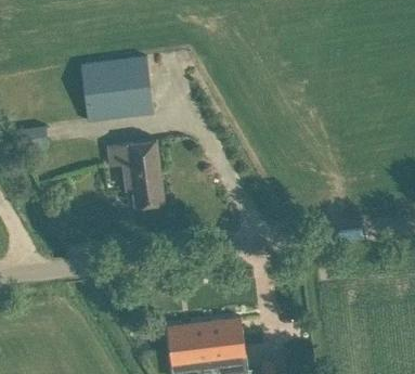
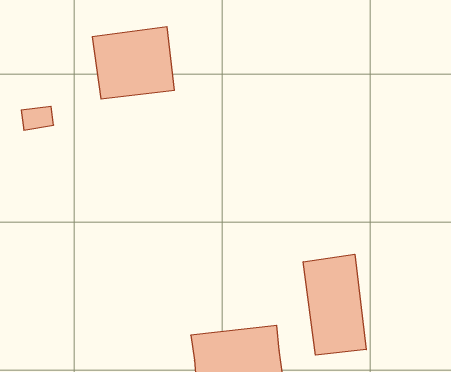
building: [107,140,164,206] -> none
building: none -> [303,254,366,355]

